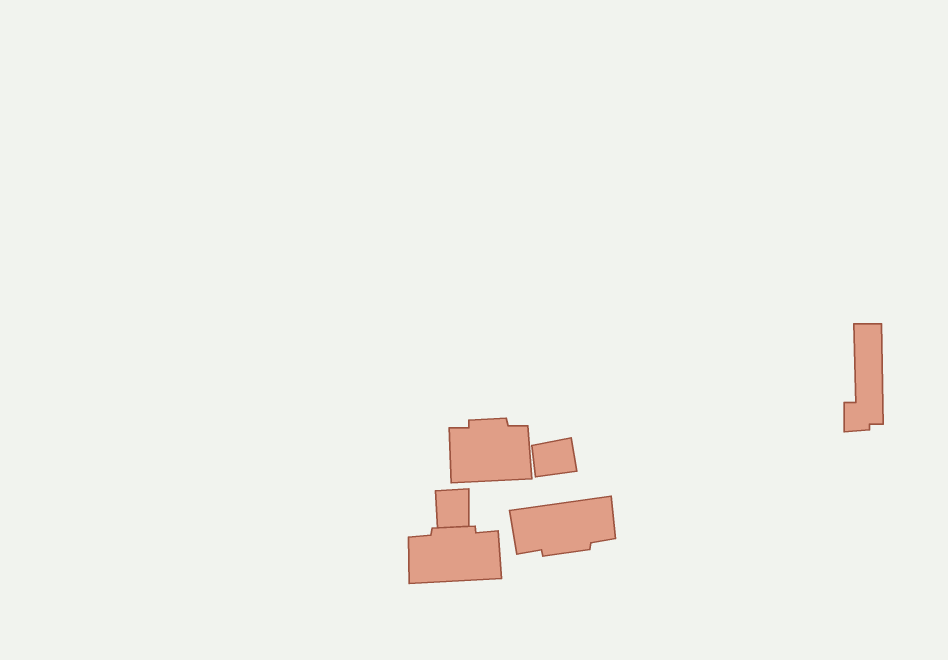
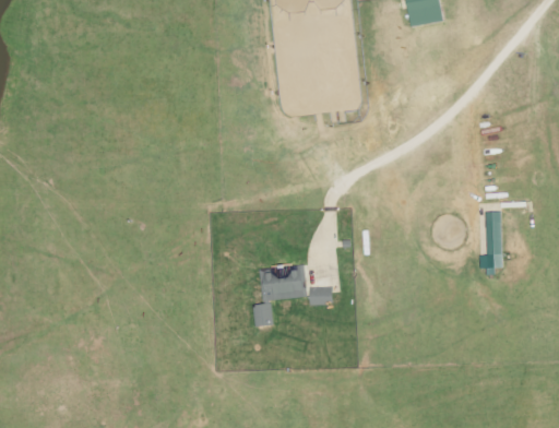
building: [510,496,616,556] -> none
building: [408,526,502,584] -> none

